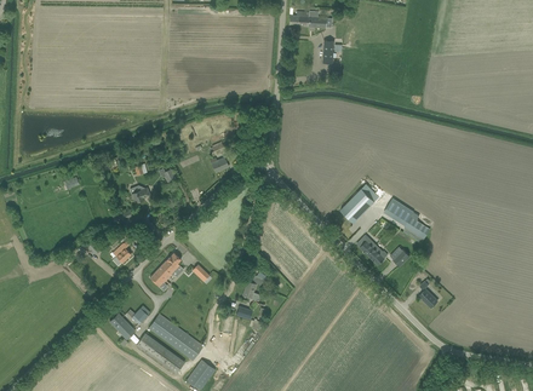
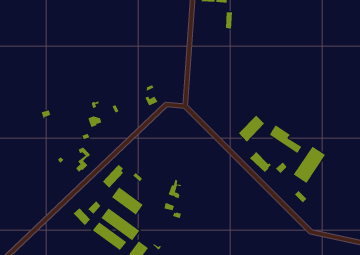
building: none -> [293,146,326,184]
building: none -> [111,186,144,215]

